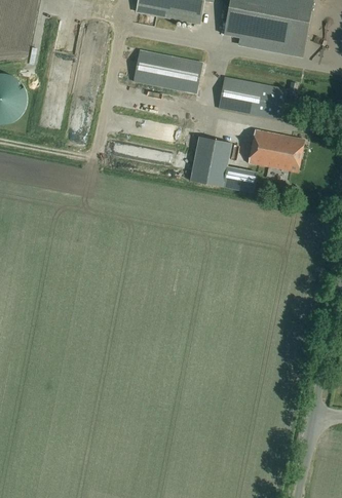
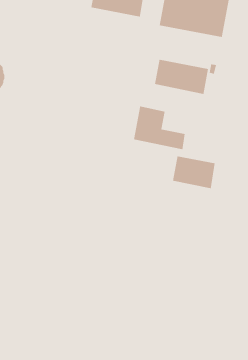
building: [134,49,201,92] -> none
building: [248,129,303,171] -> [172,156,216,189]

